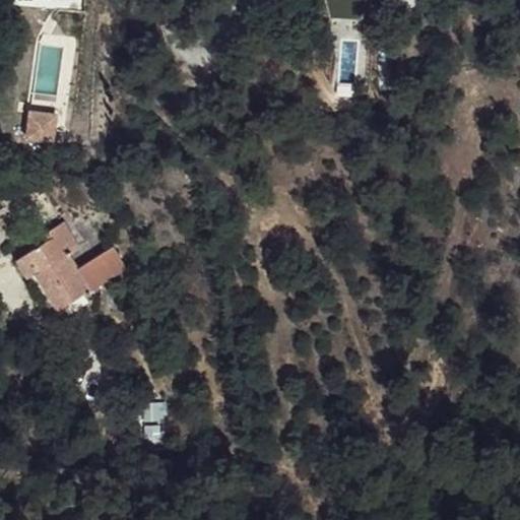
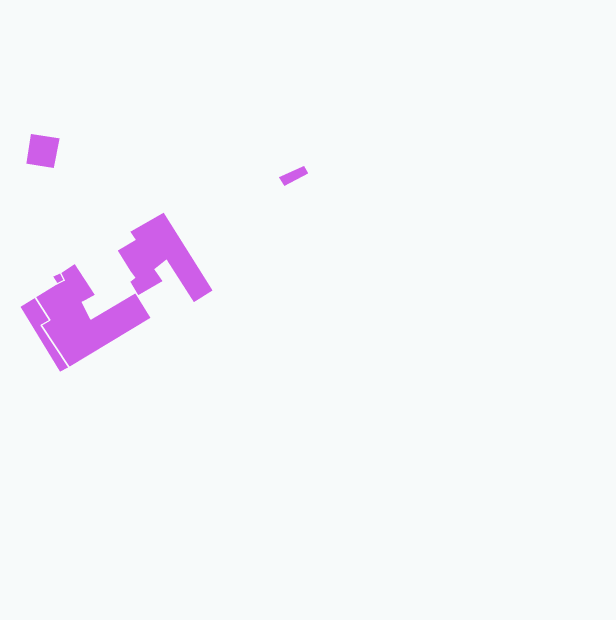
building: none -> [117,212,214,303]

